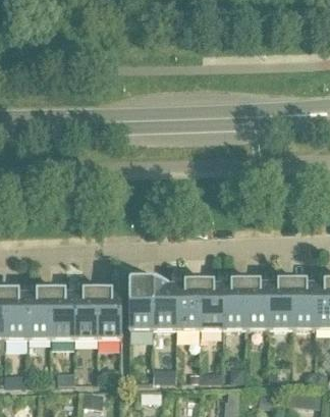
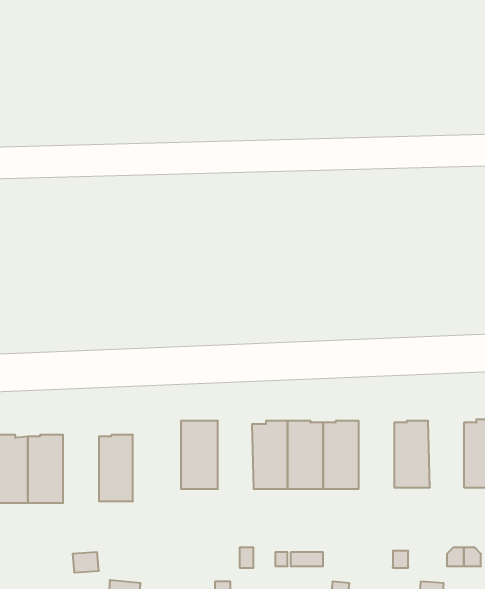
building: [153,282,176,327] -> none
building: [245,282,269,327] -> none
building: [291,282,315,326] -> none
building: [51,292,74,336] -> none
building: [97,292,121,335] -> none

